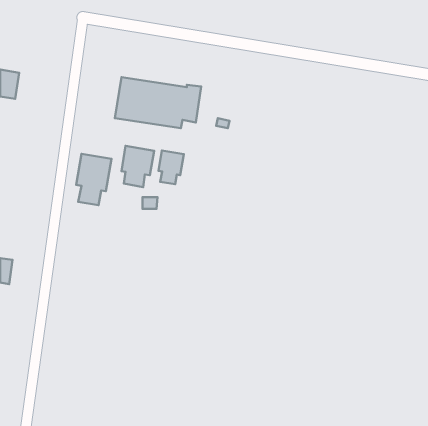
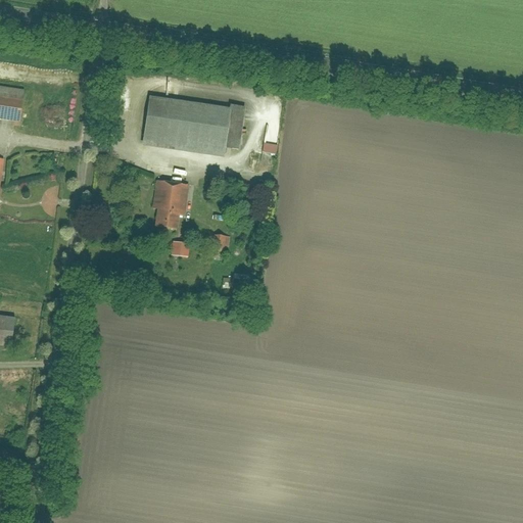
building: [158,151,184,184] -> none
building: [76,154,111,205] -> none

